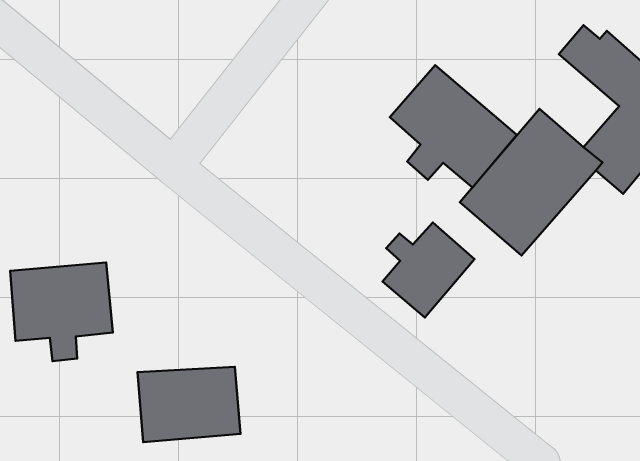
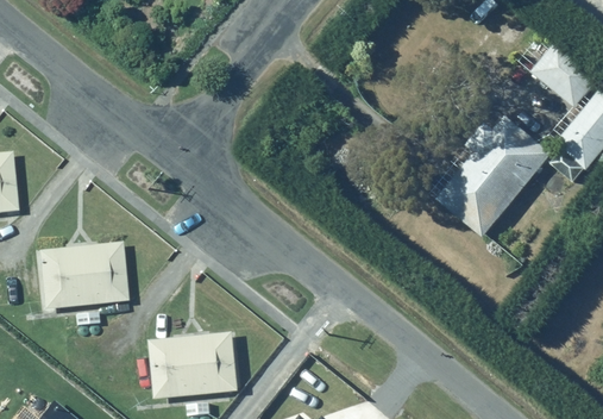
building: [390,65,517,187] -> none
building: [382,223,475,317] -> none

